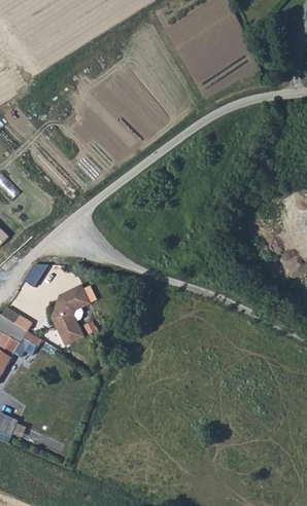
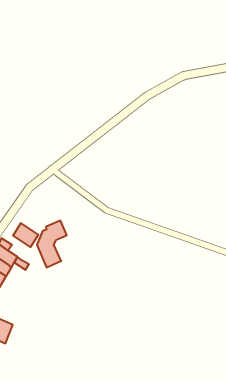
building: none -> [13,223,38,247]

